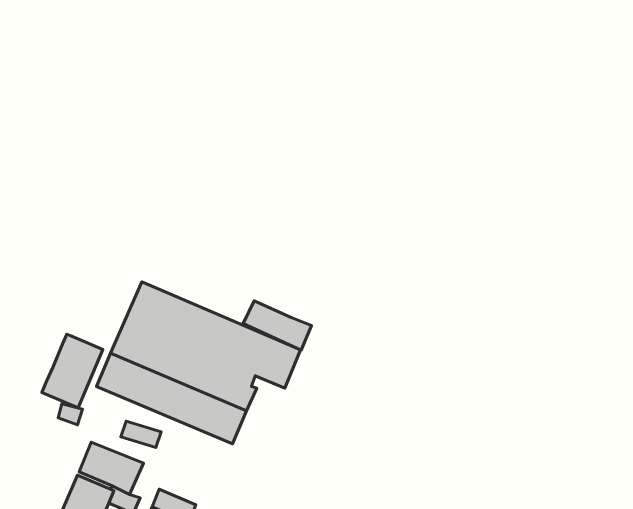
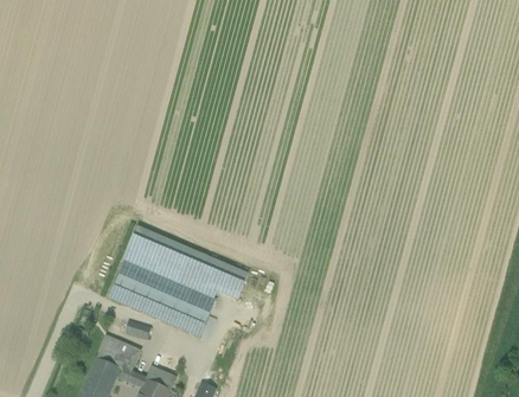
building: [243,301,312,350] -> none
building: [42,334,103,408] -> none

